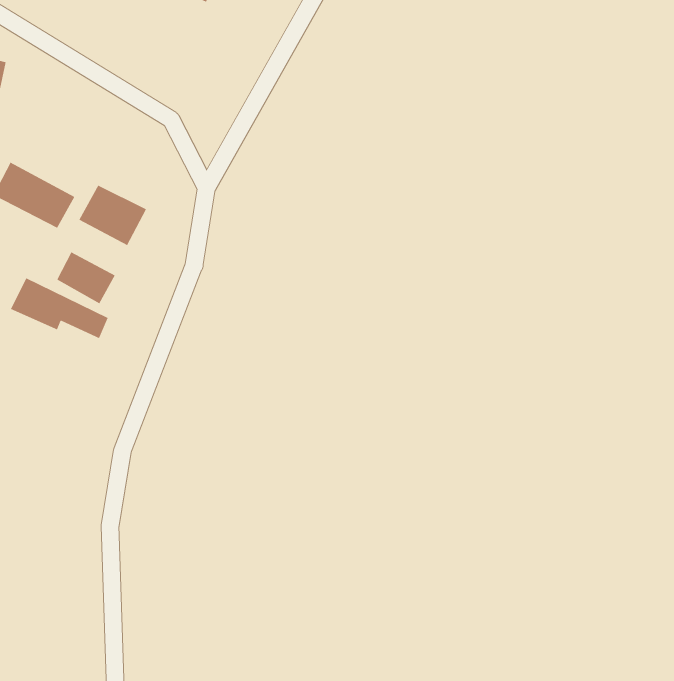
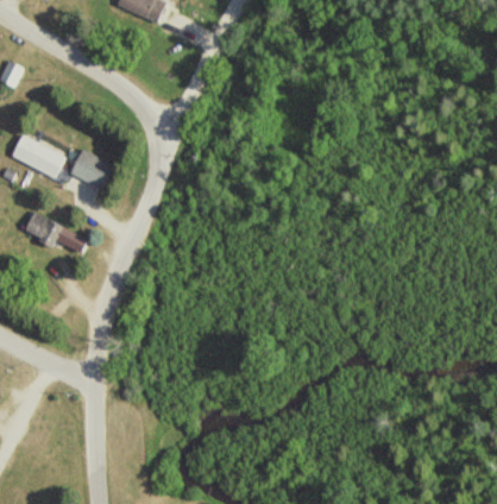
building: [57,252,115,304] -> none

